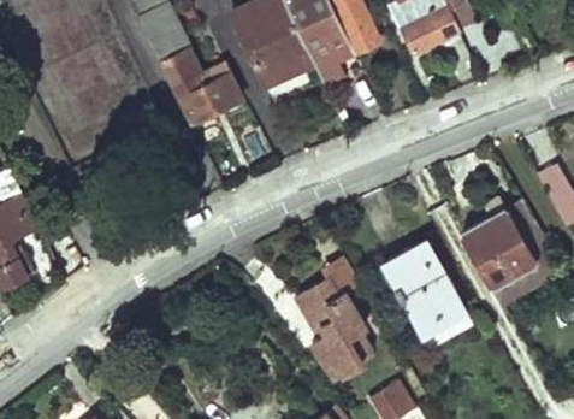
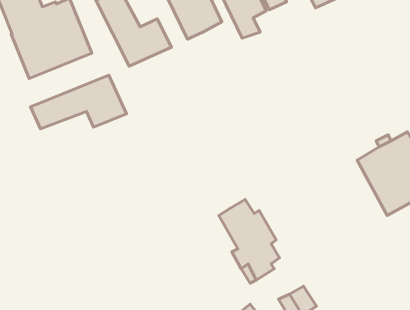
building: none -> [30,75,127,129]
building: [385,241,464,332] -> none

